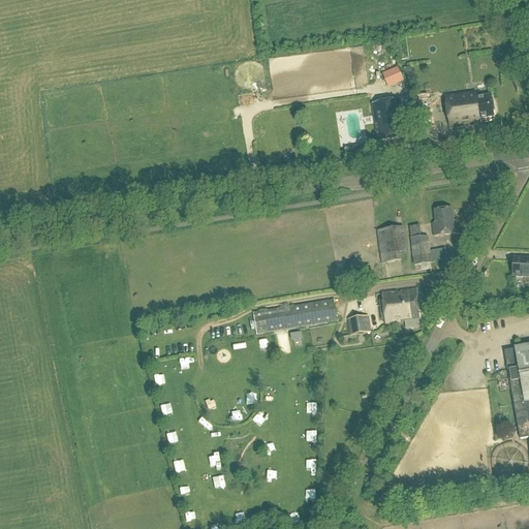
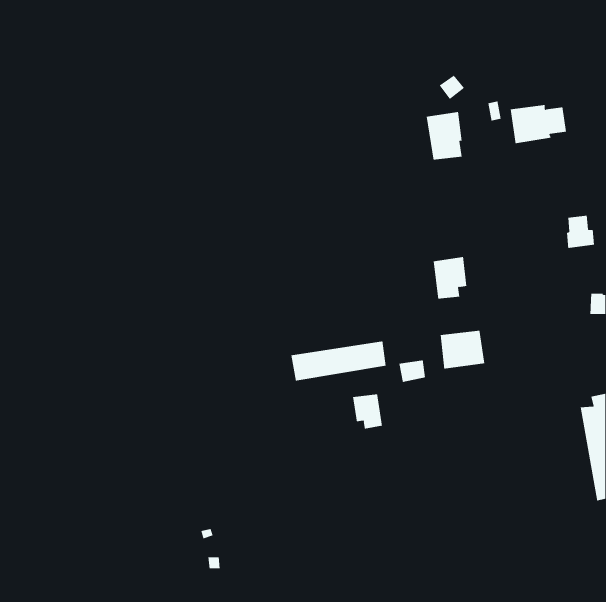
building: [434,205,459,234] -> [566,215,595,248]
building: [408,222,446,267] -> none
building: none -> [352,393,382,429]

